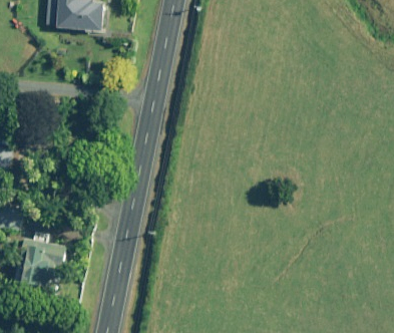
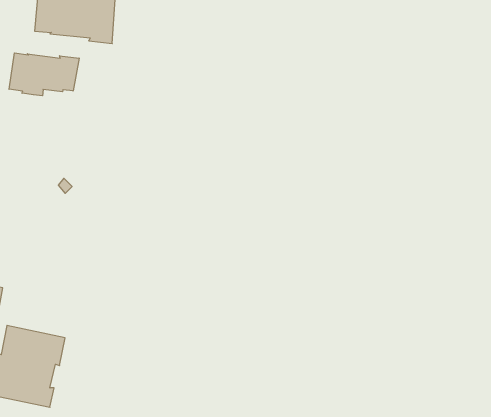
building: none -> [9,53,79,96]

